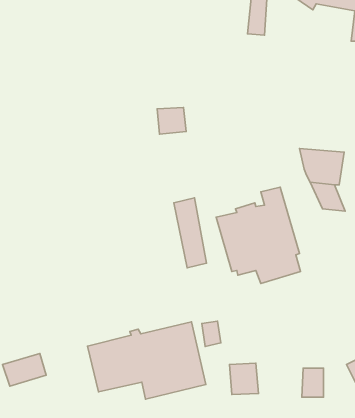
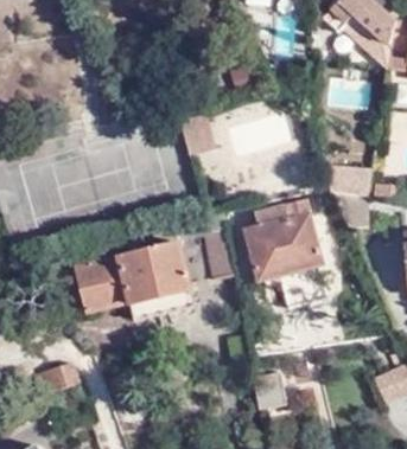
building: [88,322,206,399] -> [75,244,191,320]

